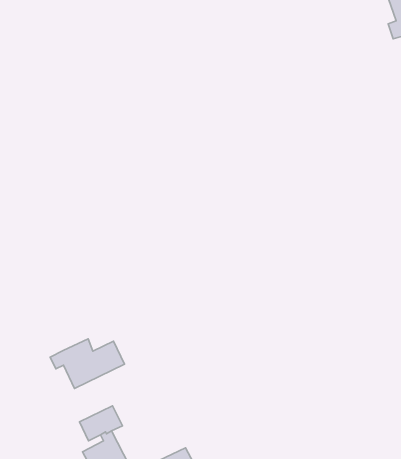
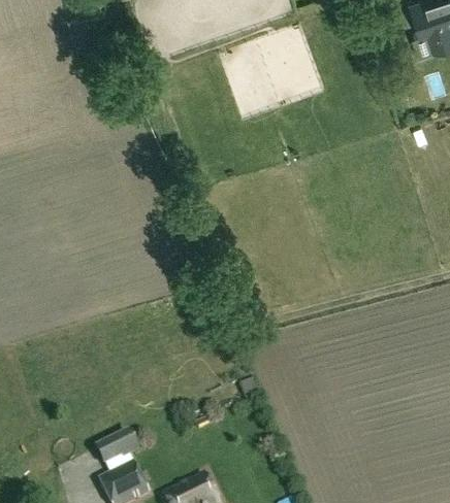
building: [50,339,125,389] -> none

